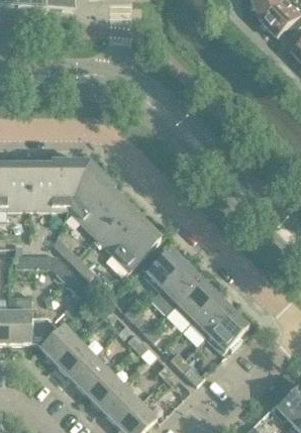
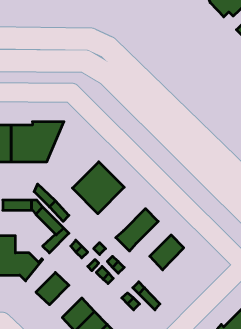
building: [69,160,130,239] -> none
building: [141,247,186,290] -> none
building: [175,279,216,320] -> none
building: [206,310,248,352] -> none
building: [43,324,79,362] -> none
building: [72,354,110,393] -> none

